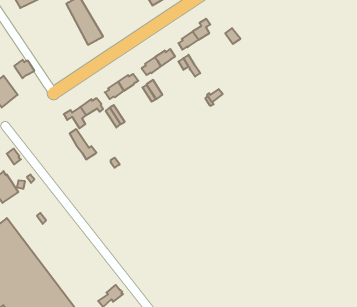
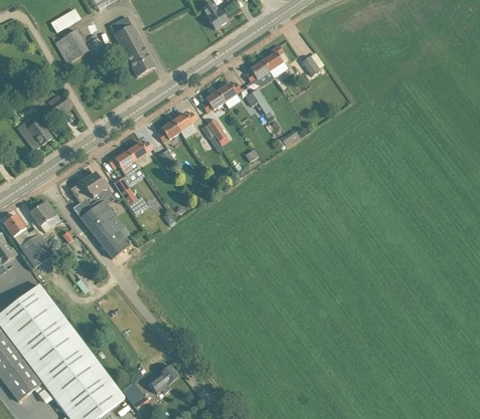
building: none -> [54,29,103,62]
building: none -> [69,172,129,257]

